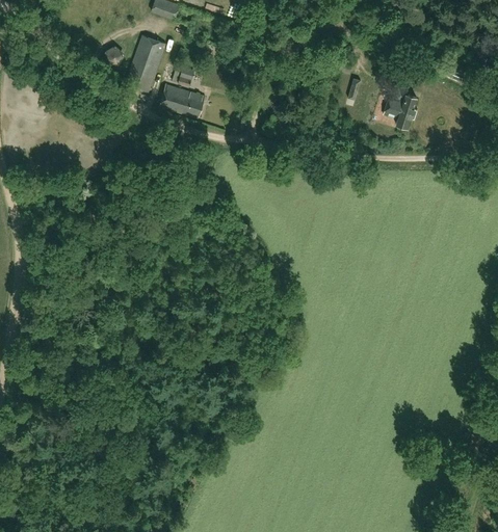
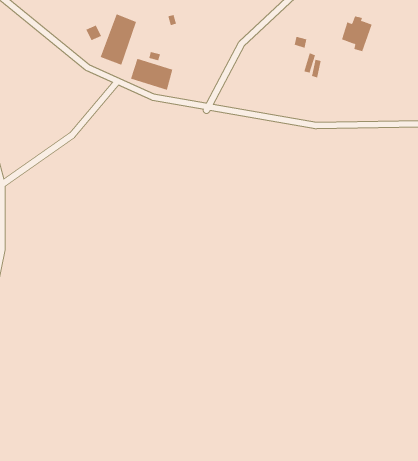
building: [383,87,417,127] -> [341,16,372,52]

